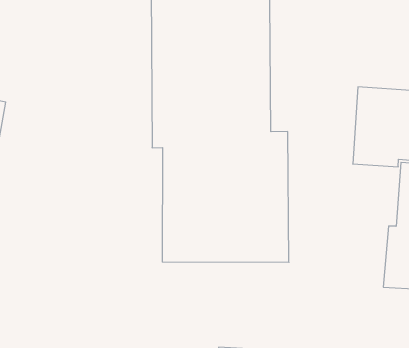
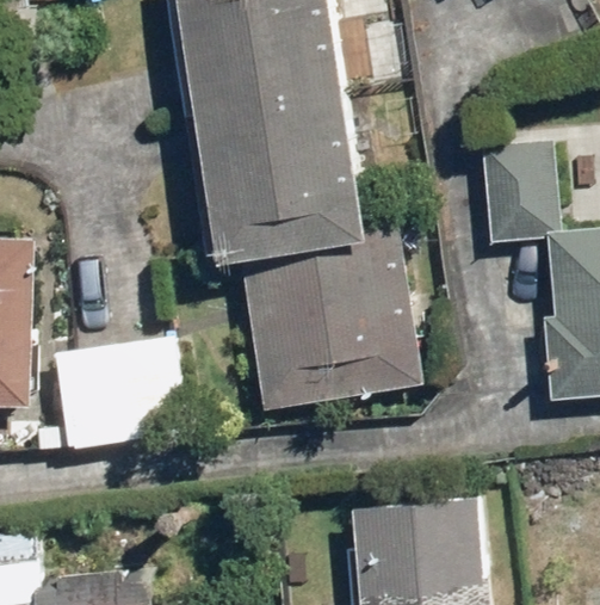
building: none -> [54,334,187,444]

